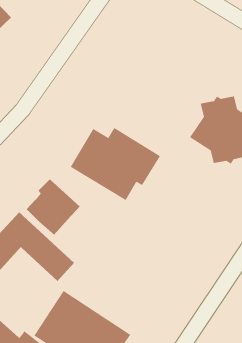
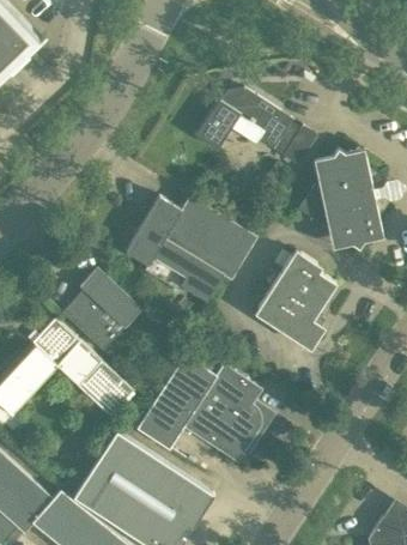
building: none -> [196,89,317,166]
building: none -> [257,254,336,347]
building: none -> [136,357,263,464]

